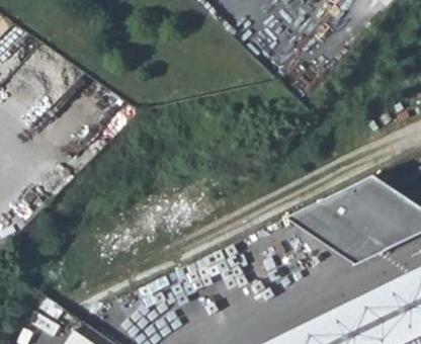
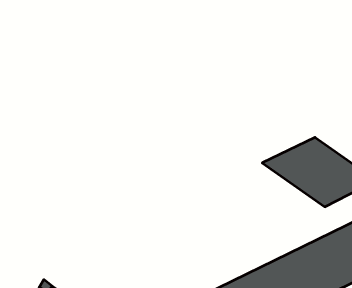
building: [288,202,388,264] -> none

